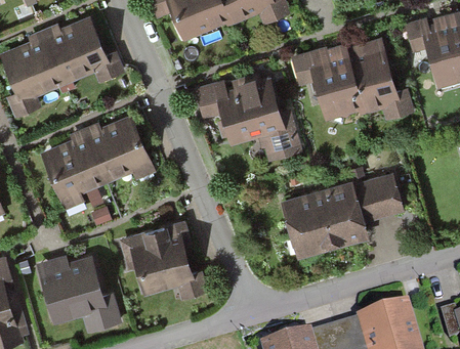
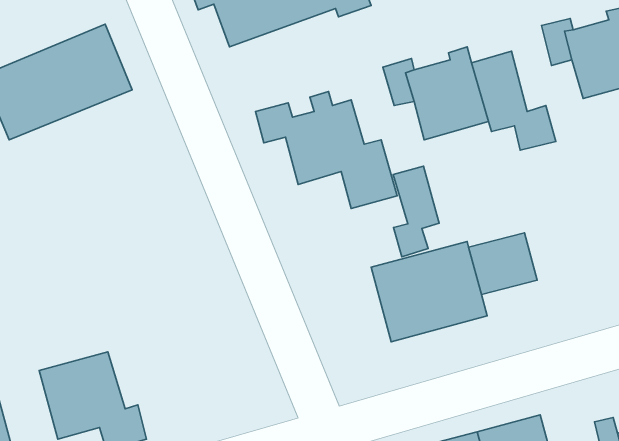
building: [48,124,156,207] -> none
building: none -> [393,166,439,257]
building: [123,220,207,298] -> none

